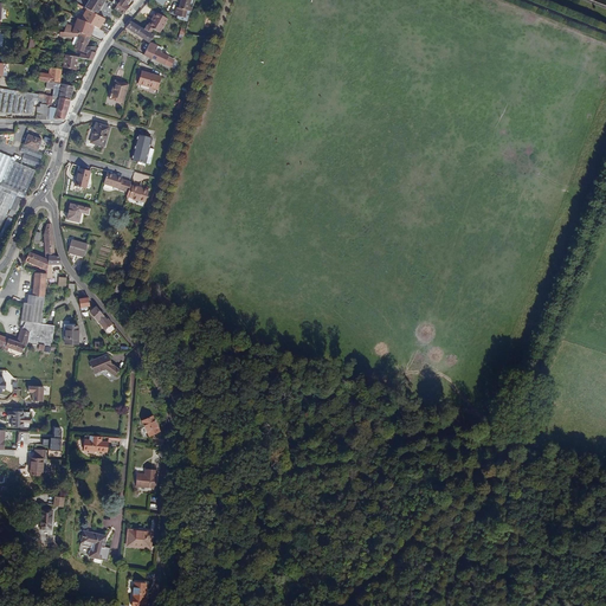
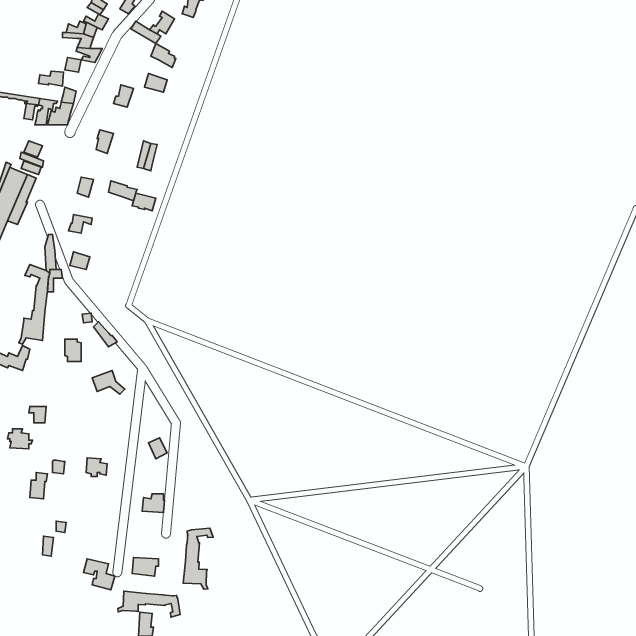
building: [21,321,53,346] -> none
building: none -> [183,528,213,589]
building: none -> [118,591,180,617]

